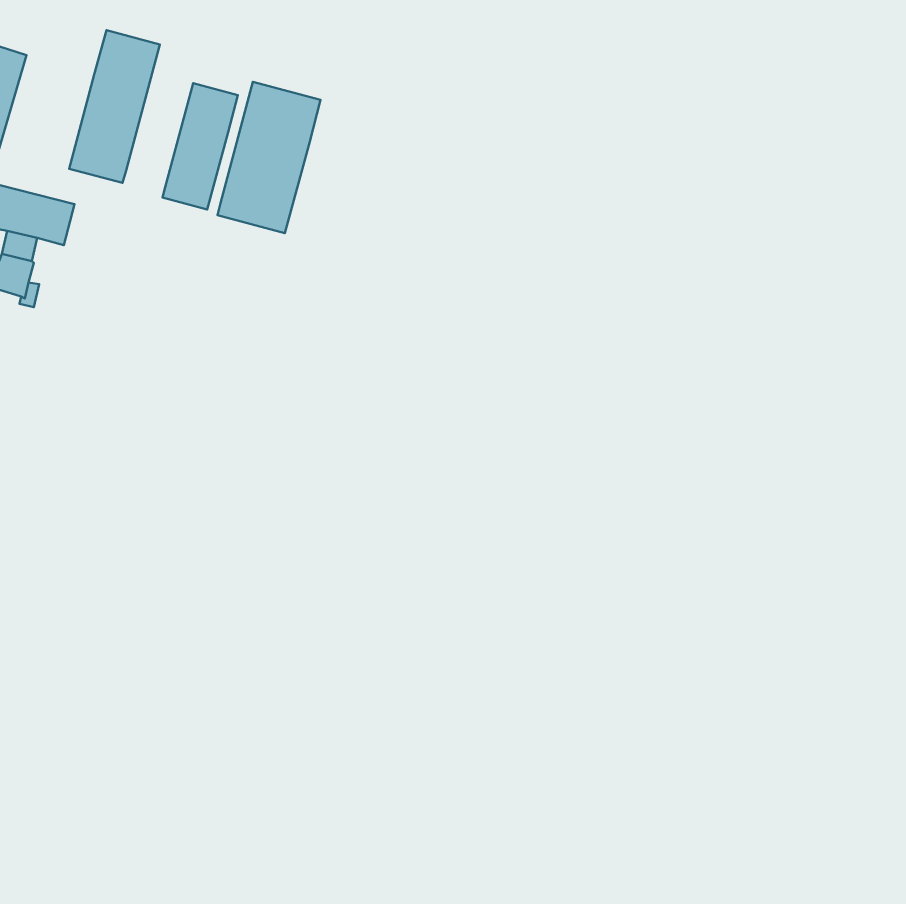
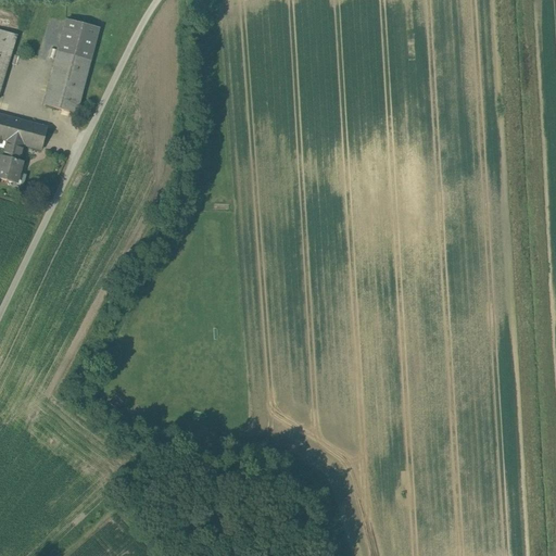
building: [217,82,320,233] -> none
building: [163,83,238,210] -> none

